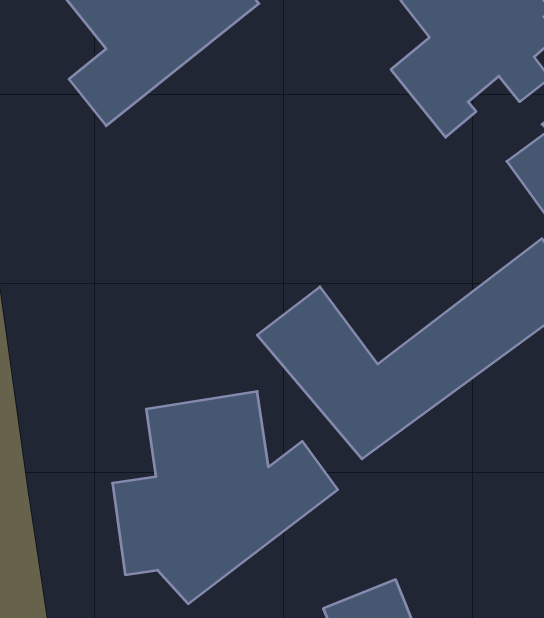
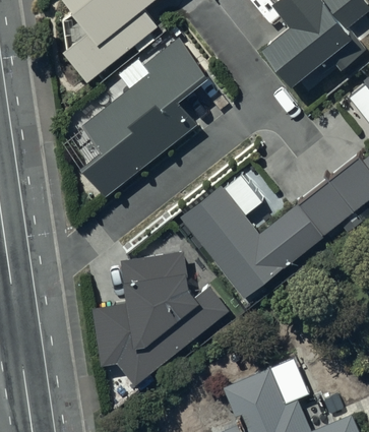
building: none -> [81,37,209,193]

